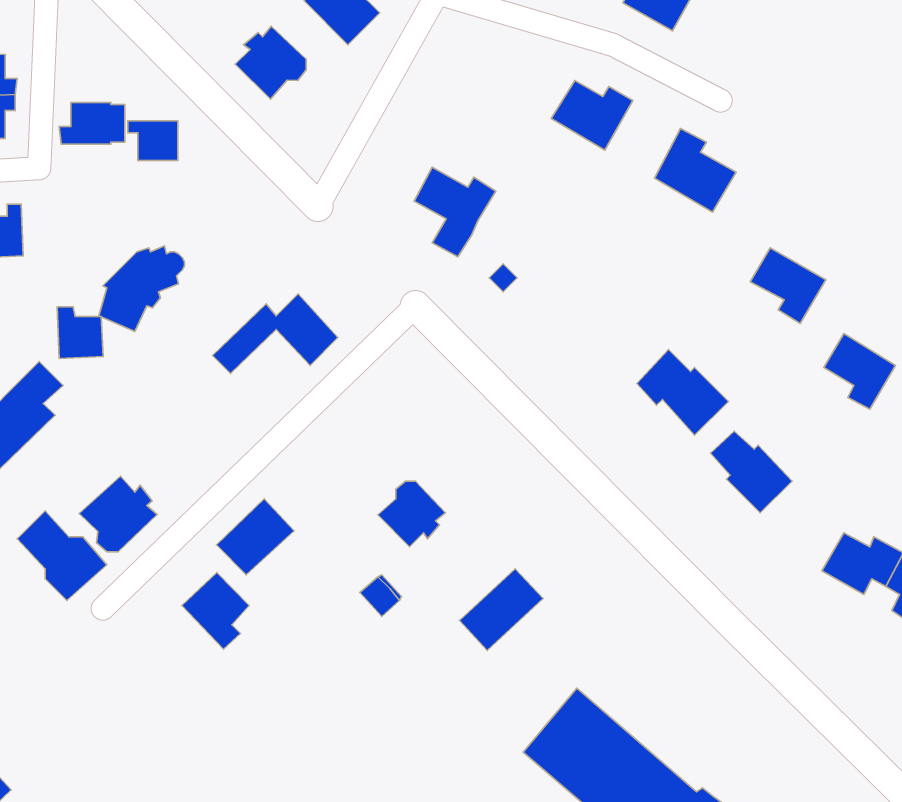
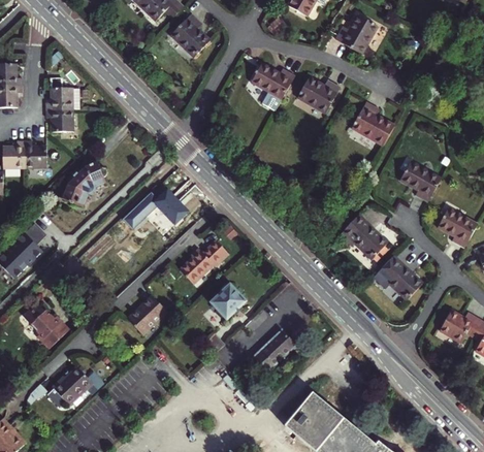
building: [235,26,306,99] -> none
building: [128,121,178,161] -> [44,109,70,130]
building: [414,167,496,257] -> [253,61,295,107]
building: [57,307,103,358] -> [24,140,47,167]
building: none -> [179,240,227,283]
building: [79,476,157,552] -> none
building: [182,572,249,649] -> none
building: none -> [50,364,90,403]

